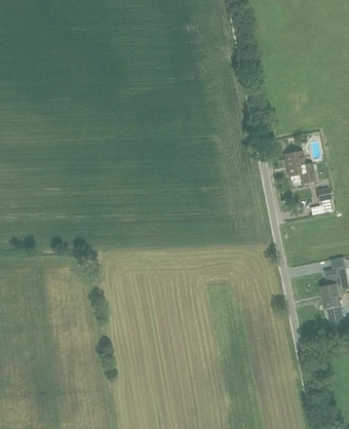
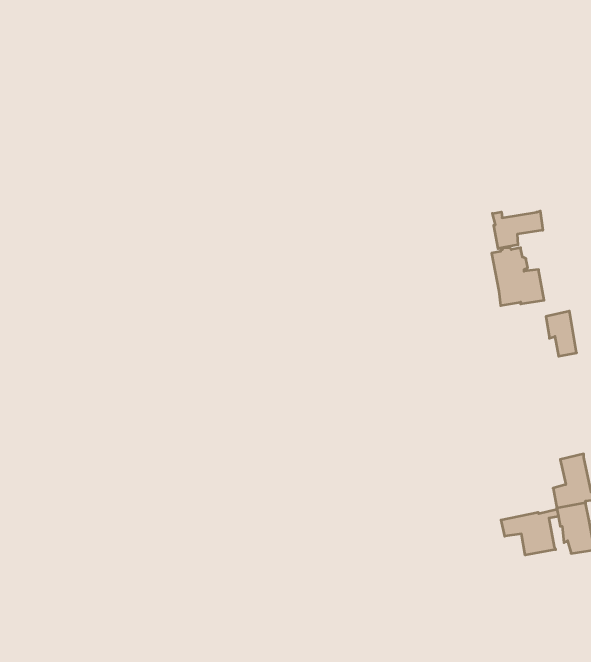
building: none -> [492,211,543,249]
building: none -> [501,509,558,555]

